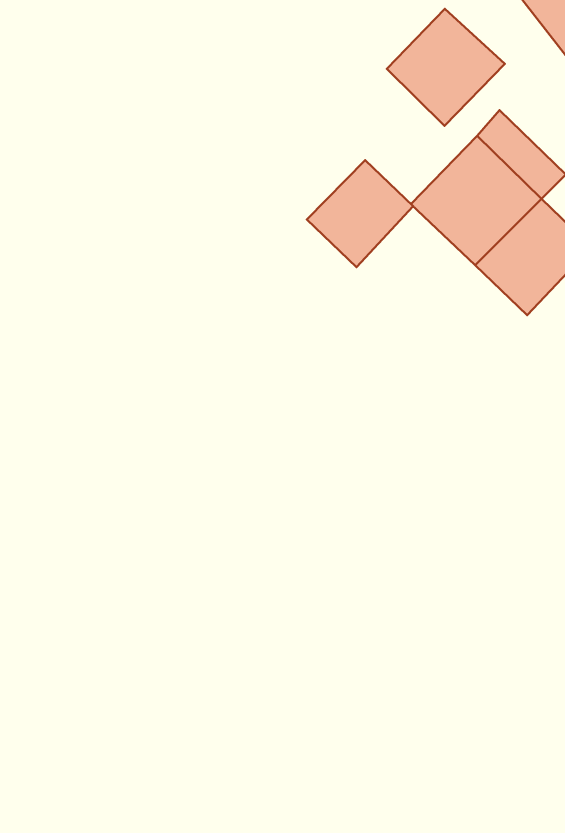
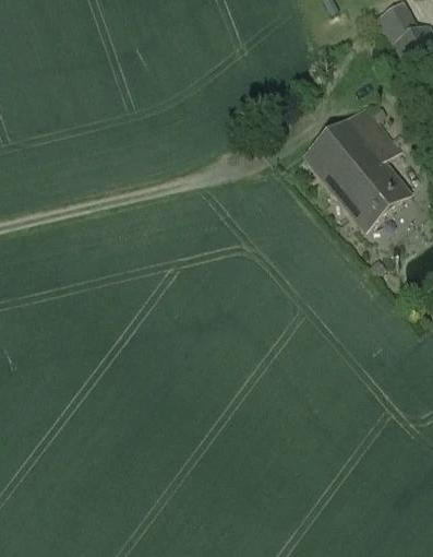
building: [387,9,505,126] -> none
building: [307,160,413,267] -> none

